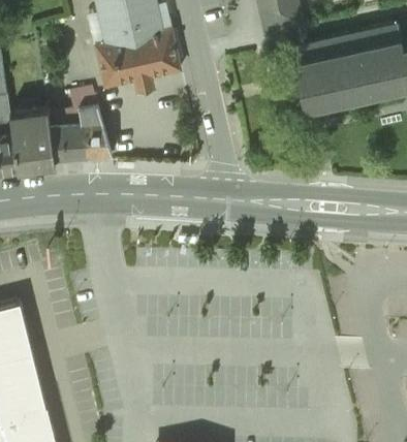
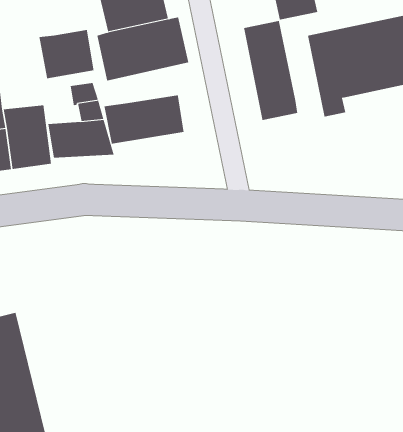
building: none -> [244,20,298,121]
building: none -> [39,29,94,79]
building: none -> [104,94,184,145]

